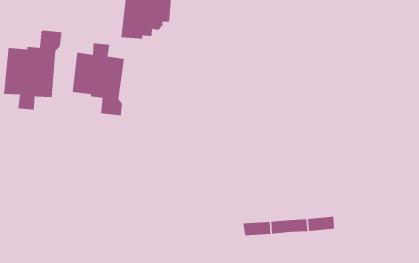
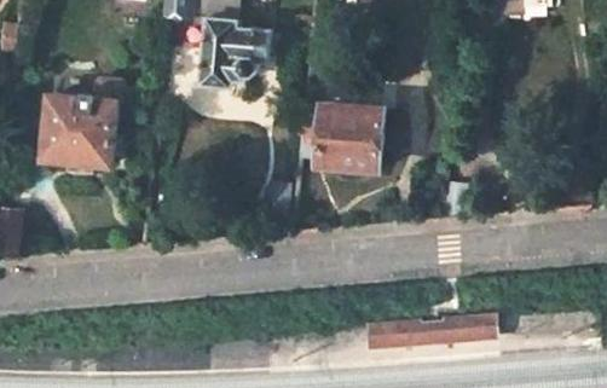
building: [72,42,125,116] -> none
building: none -> [300,102,383,168]

